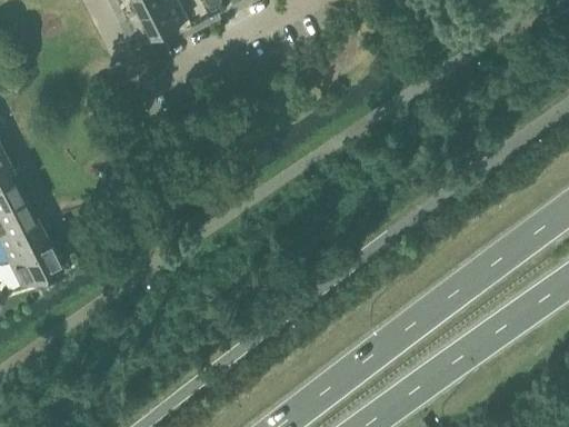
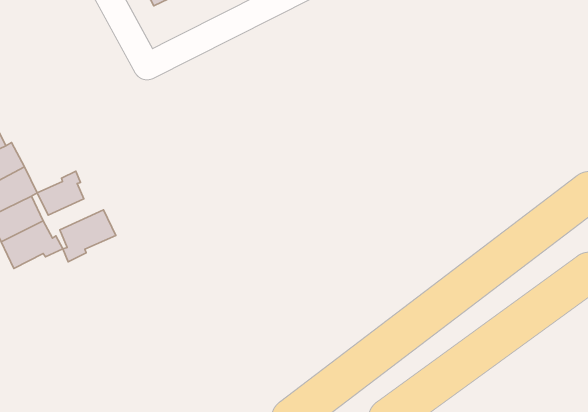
building: none -> [37,171,84,215]
building: none -> [60,210,116,262]

